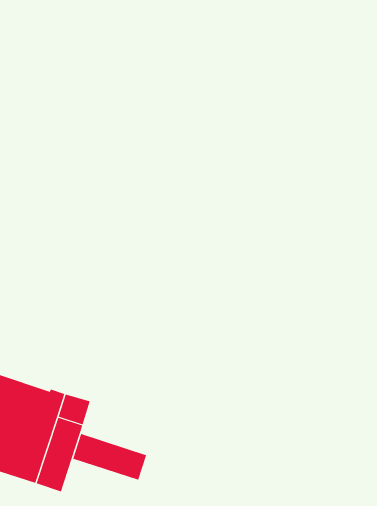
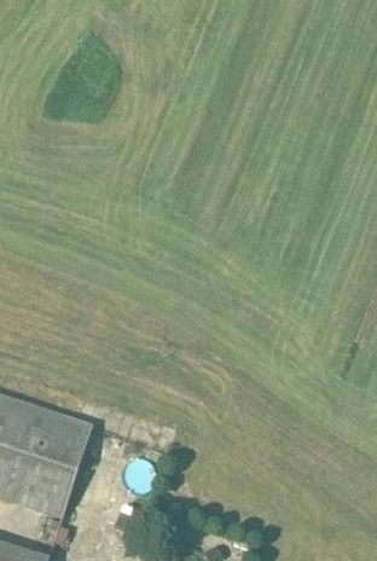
building: [72,433,147,481] -> none

